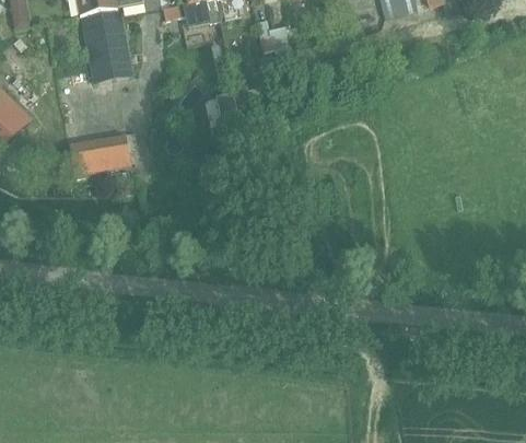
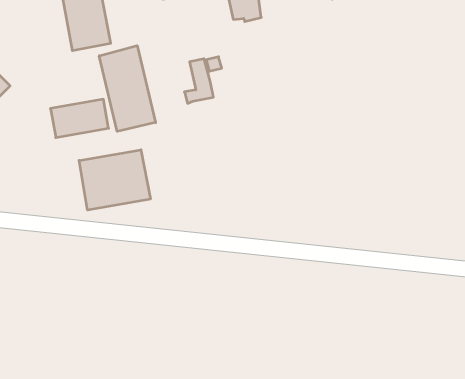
building: none -> [99,46,156,131]
building: none -> [79,150,150,210]

